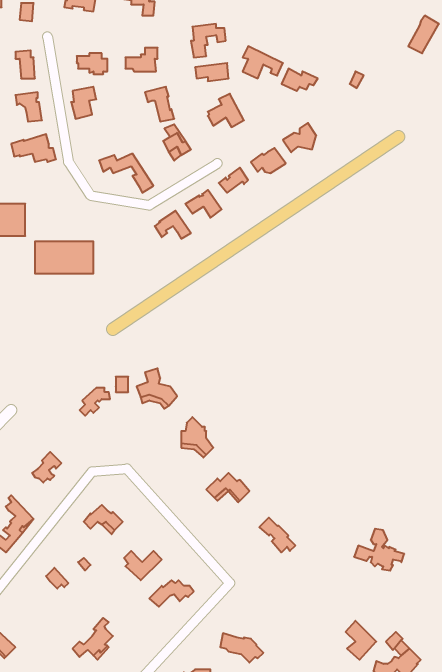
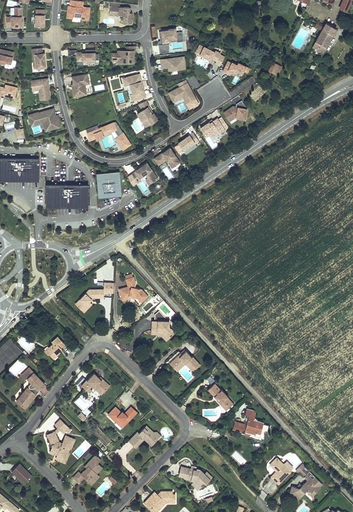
building: none -> [95,170,120,196]
building: [354,529,404,571] -> [232,408,268,438]
building: none -> [46,432,74,461]

